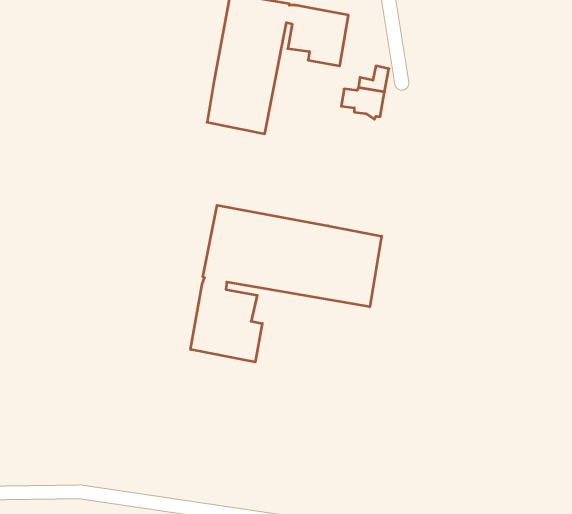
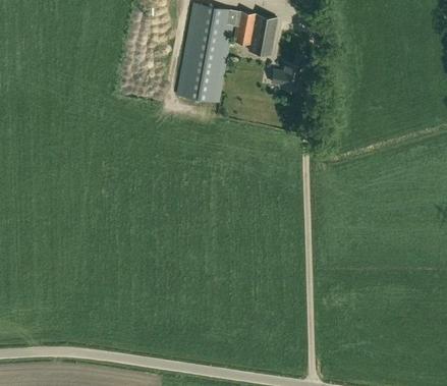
building: [191,205,382,362] -> none

